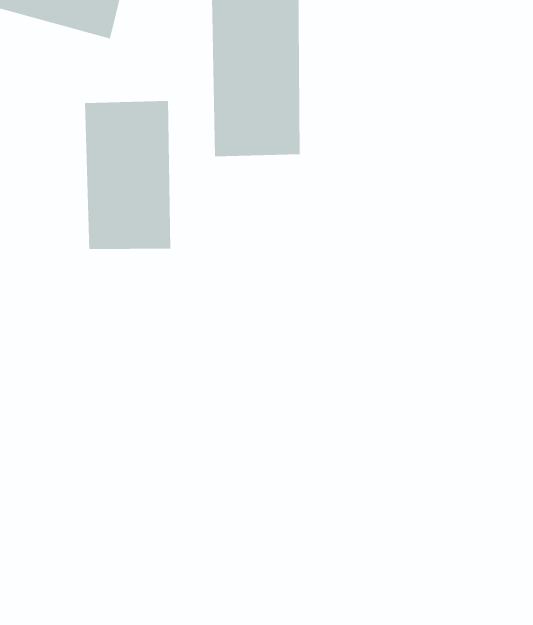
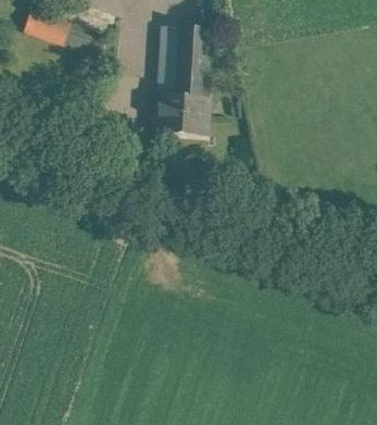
building: [84,100,171,250] -> none

